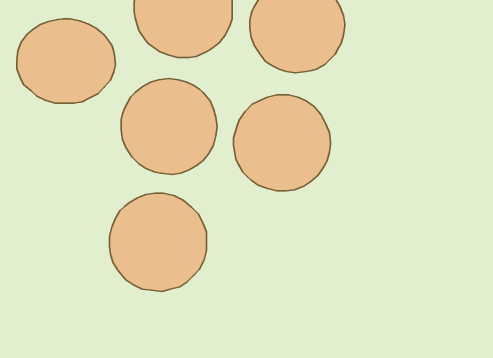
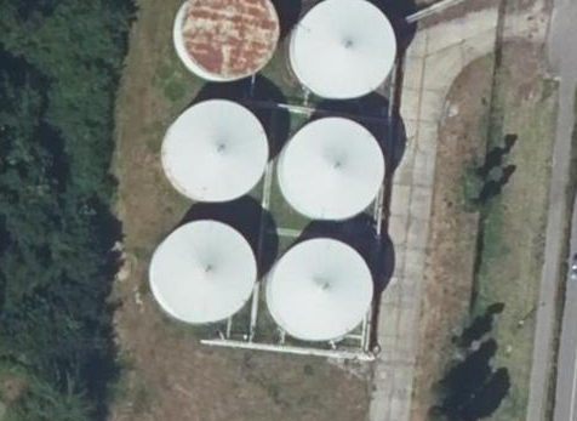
building: [17,19,115,103] -> none
building: none -> [269,239,370,338]

